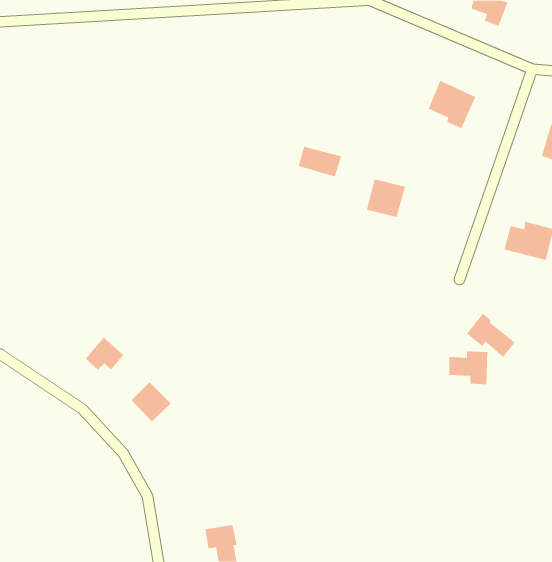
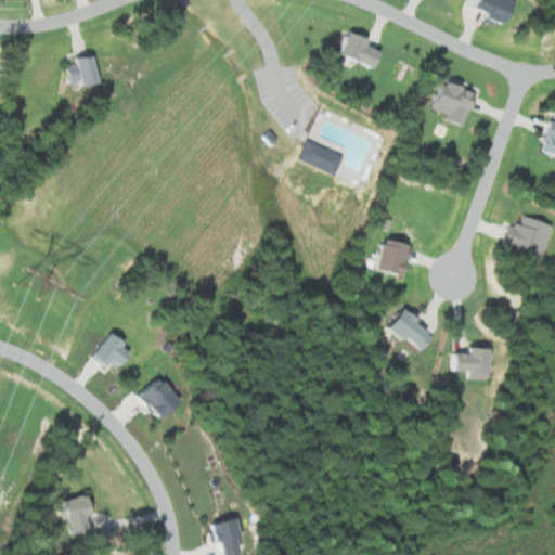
building: none -> [339,29,380,70]
building: none -> [69,60,96,87]
building: [366,179,406,217] -> [377,237,416,275]
building: [466,313,516,358] -> [387,306,436,350]
building: none -> [65,494,96,533]

